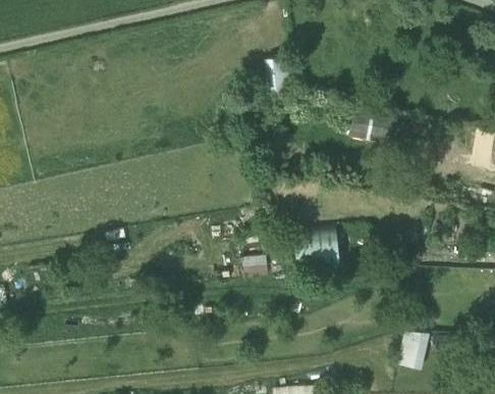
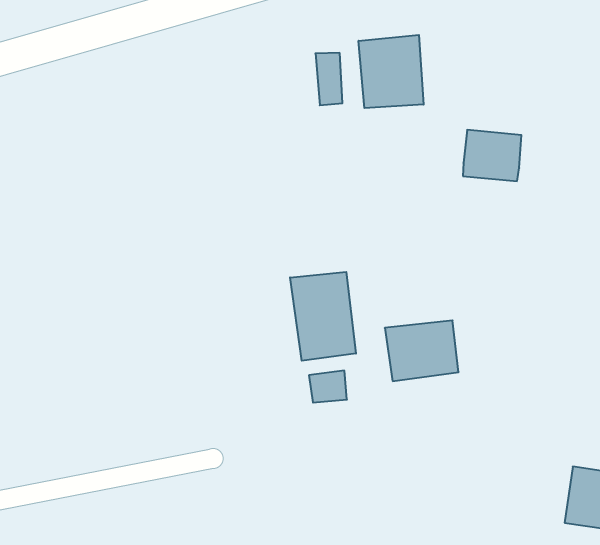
building: none -> [359,35,424,108]
building: none -> [290,272,356,361]

